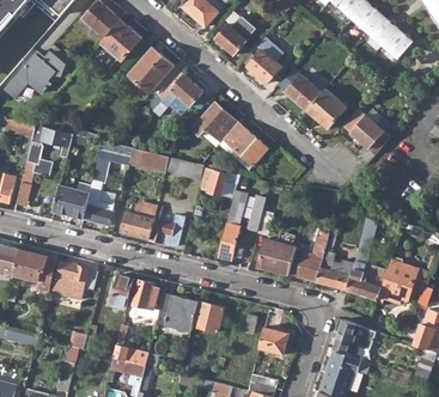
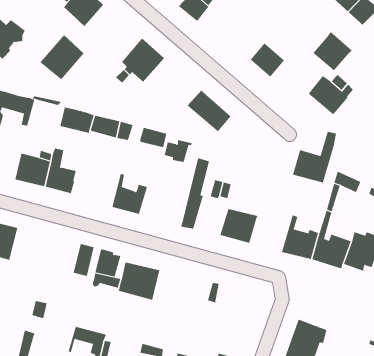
building: [128,48,172,93] -> [40,34,84,80]
building: [246,50,281,85] -> none
building: [305,90,345,129] -> [312,31,352,71]
building: [191,103,237,142] -> none
building: [121,201,157,239] -> none
building: [285,232,329,283] -> [292,131,337,183]
building: [50,262,94,299] -> none
building: [193,303,222,331] -> none
building: [333,320,374,358] -> none
building: [112,324,146,365] -> none
building: [257,326,287,354] -> none

